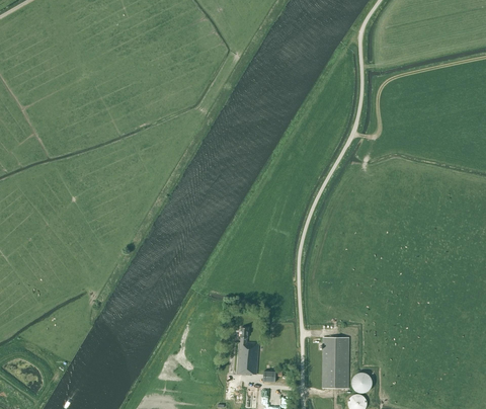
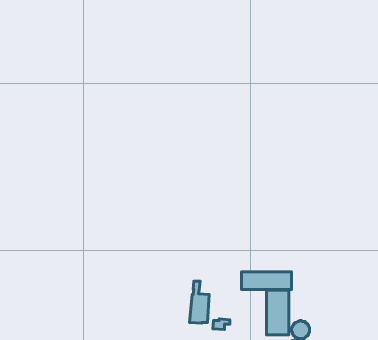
building: none -> [242,272,291,290]

